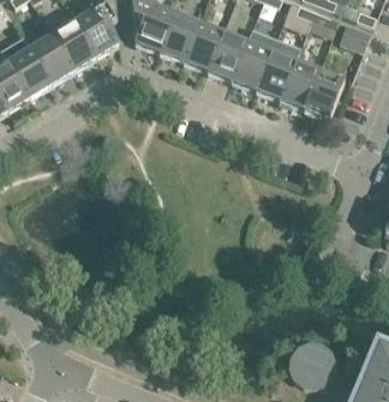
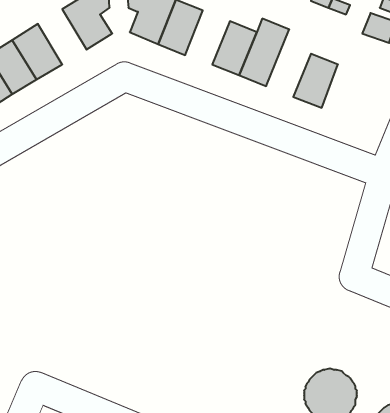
building: [53,22,96,71] -> none
building: [184,23,223,71] -> none
building: [256,40,300,100] -> none
building: [305,71,345,119] -> none

